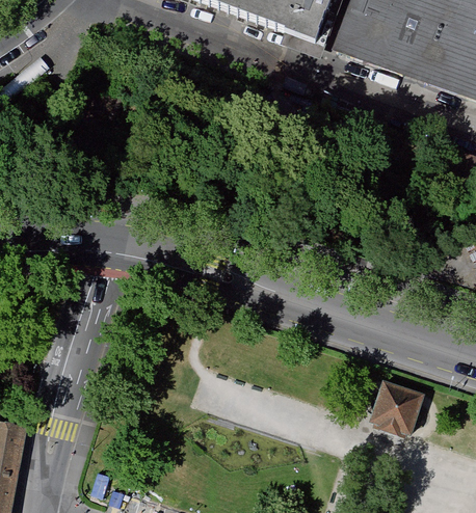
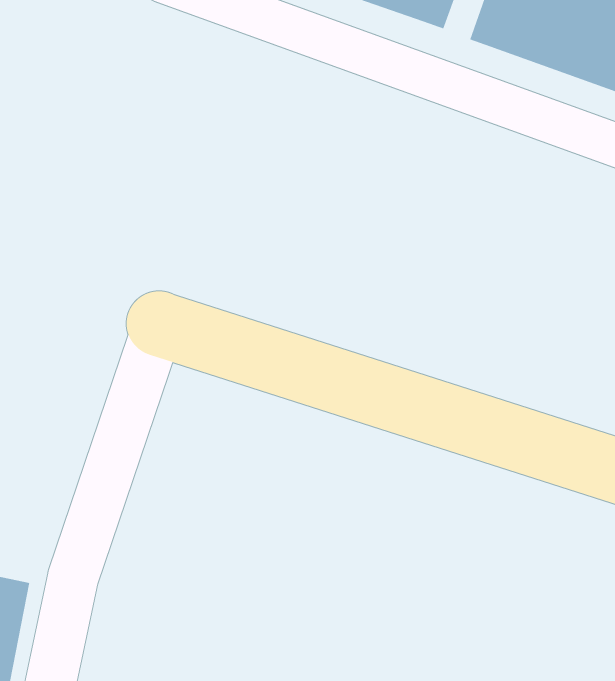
building: [374,373,430,433] -> none

